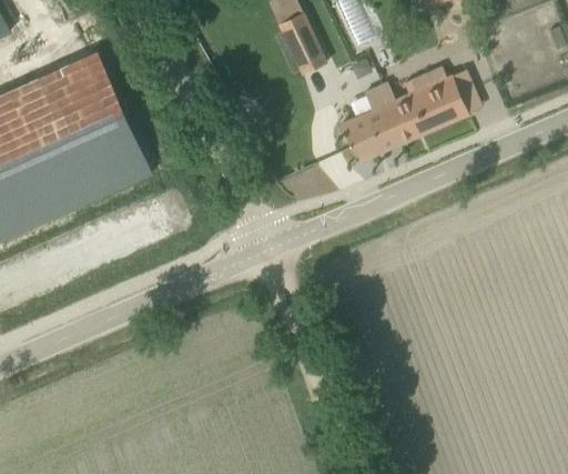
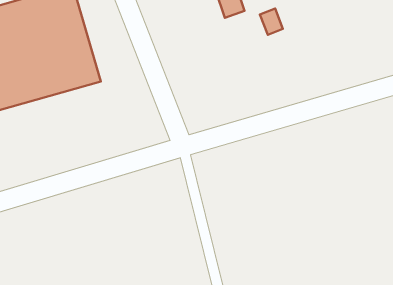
building: [342,64,471,162] -> none

